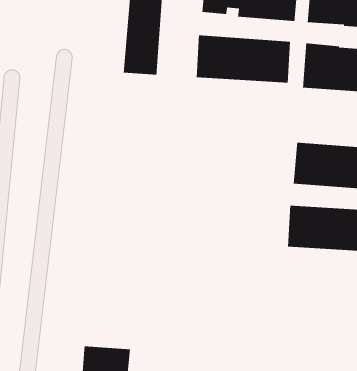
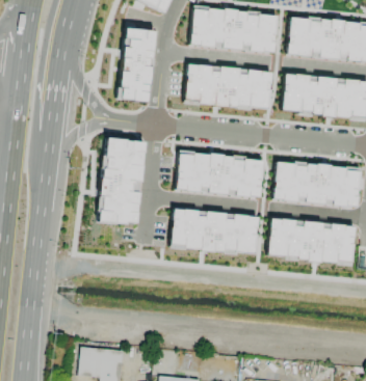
building: none -> [99,138,143,223]
building: none -> [177,151,263,196]
building: none -> [171,209,258,253]

